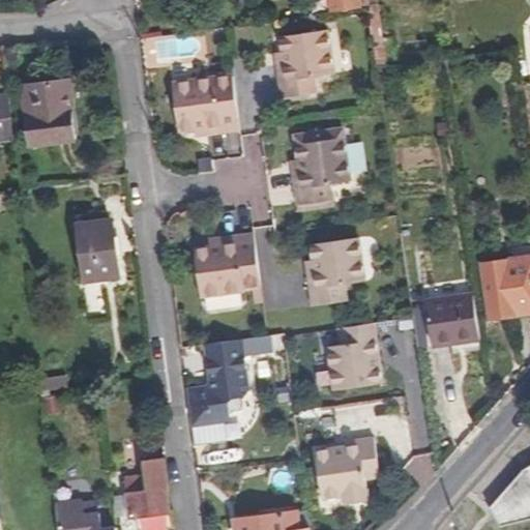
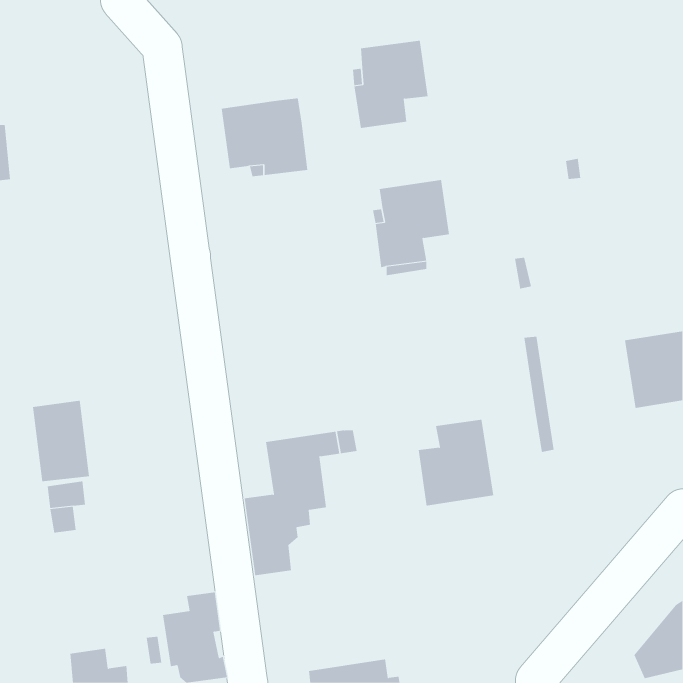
building: [21,79,73,143] -> none
building: [76,216,120,279] -> [32,400,90,482]
building: [195,233,259,296] -> none
building: [306,238,363,306] -> none
building: [425,292,480,345] -> none
building: [316,438,380,505] -> none

